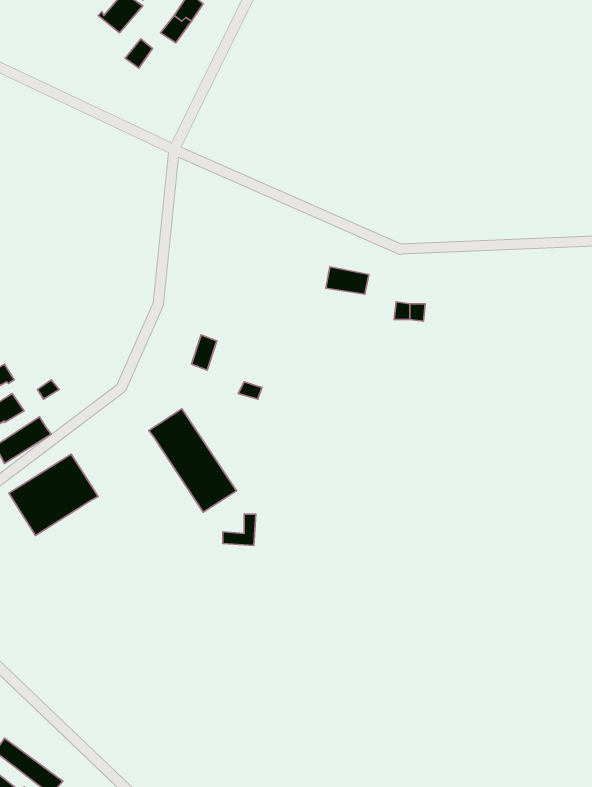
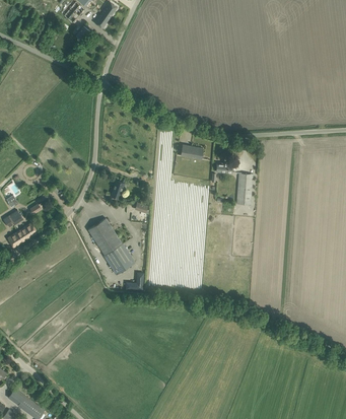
building: none -> [235,173,252,205]
building: [9,454,98,536] -> none

